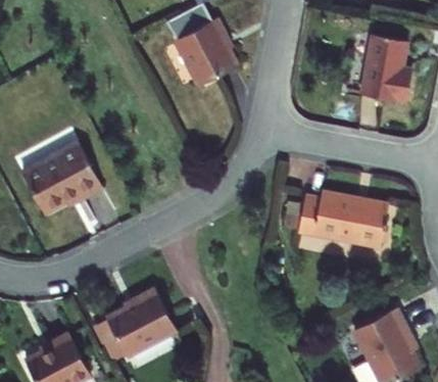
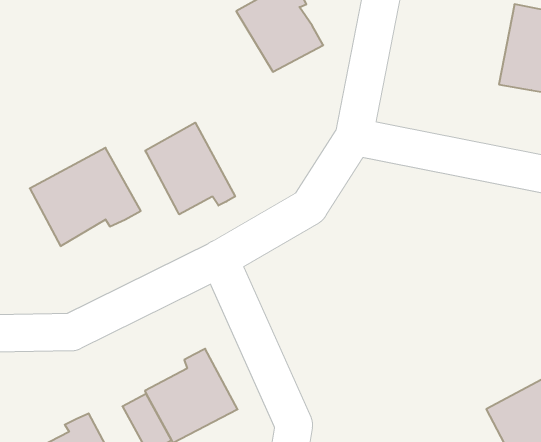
building: none -> [145,123,235,214]
building: [299,196,390,253] -> none

